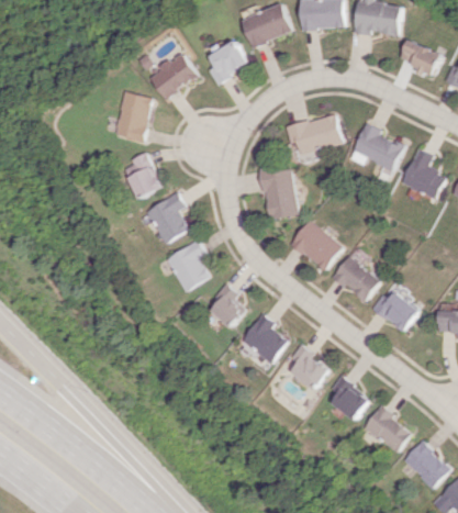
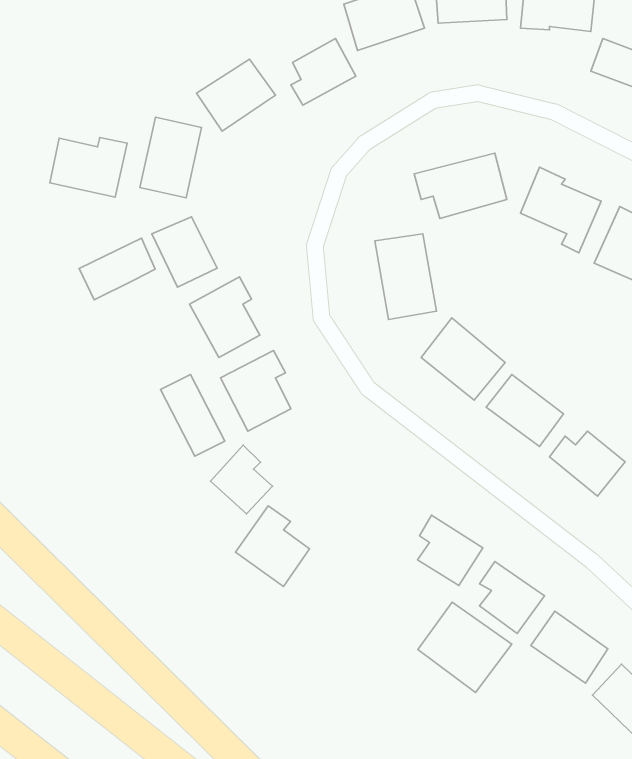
building: none -> [50,137,127,197]
building: none -> [79,238,155,300]
building: none -> [160,375,225,456]
building: [204,283,244,327] -> [211,445,272,514]
building: [239,312,287,364] -> [236,506,309,586]
building: none -> [418,602,512,692]

